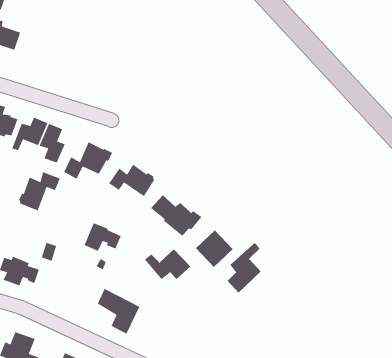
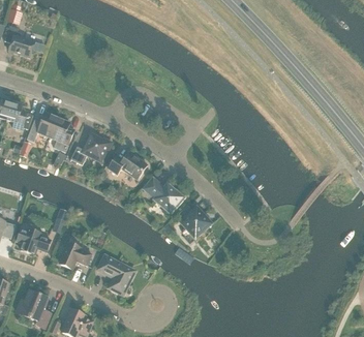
building: [18,171,61,212] -> none
building: [83,222,122,252] -> [59,242,91,267]
building: [227,242,262,293] -> none
building: [144,248,191,280] -> none

